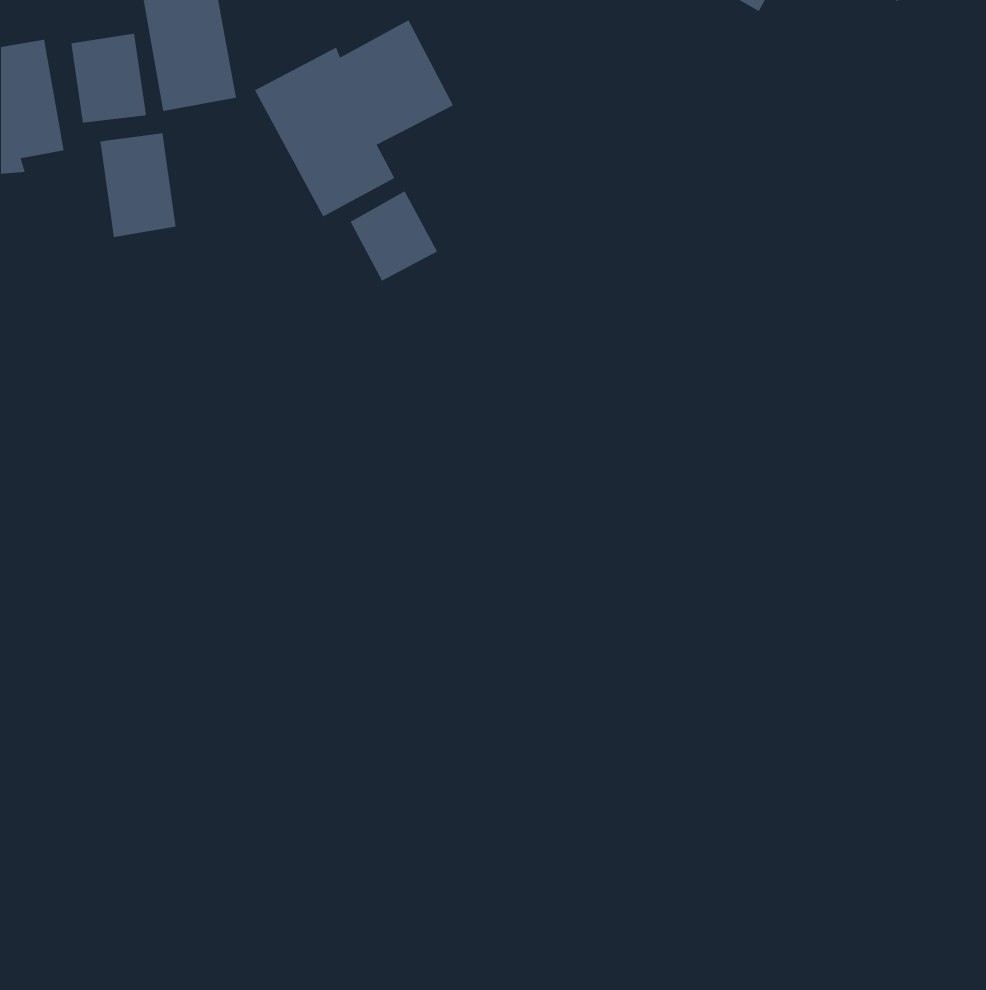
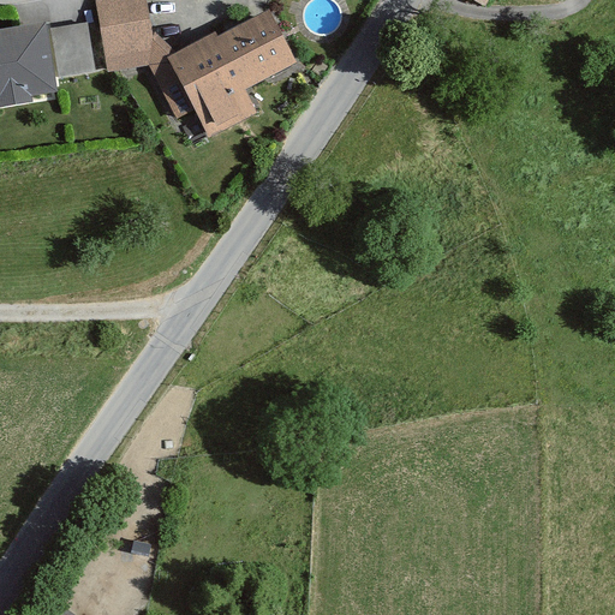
building: [100,133,176,238] -> none
building: [350,191,438,281] -> none

